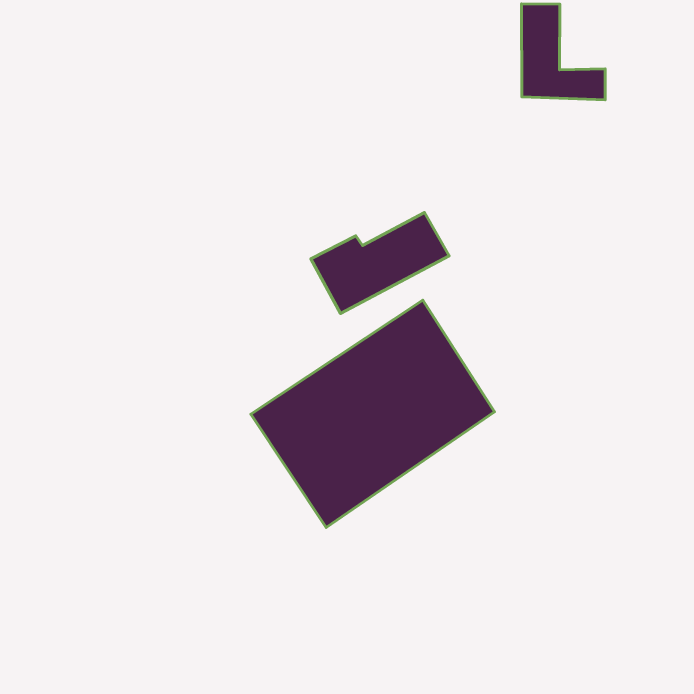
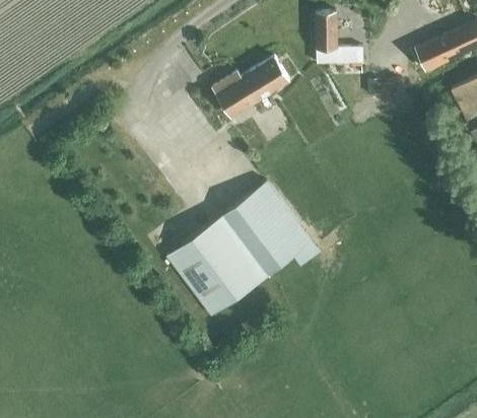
building: [311,213,449,313] -> [212,58,289,117]

